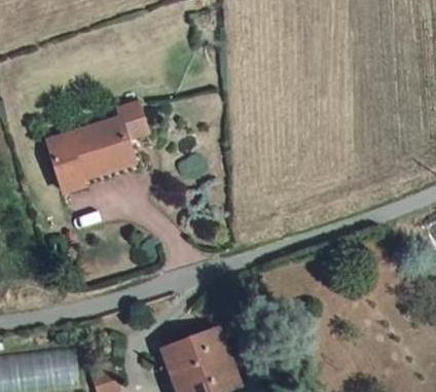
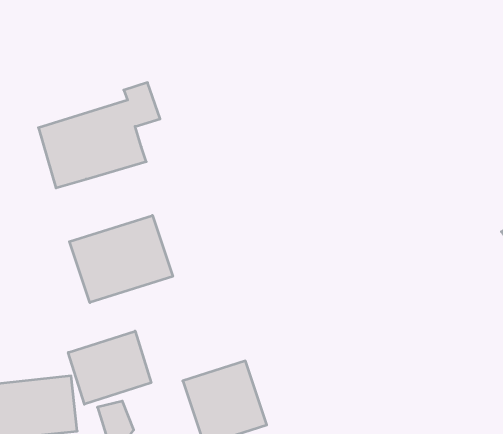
building: none -> [69,215,173,303]
building: none -> [68,331,151,404]

